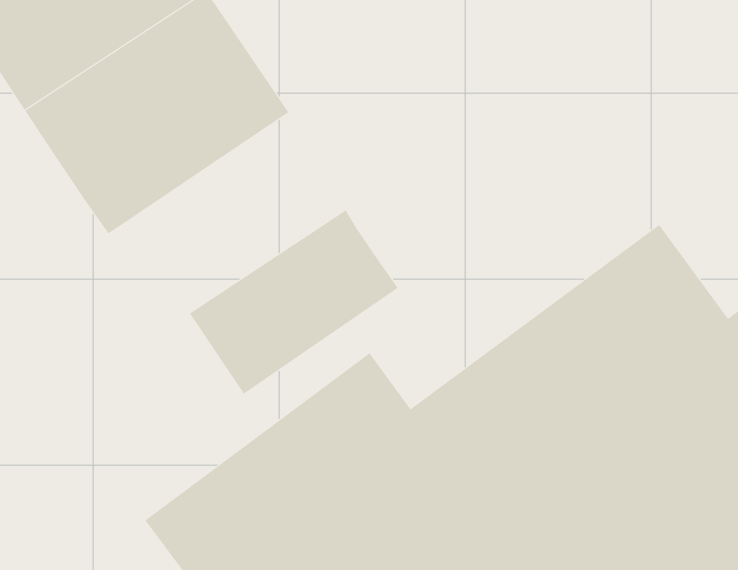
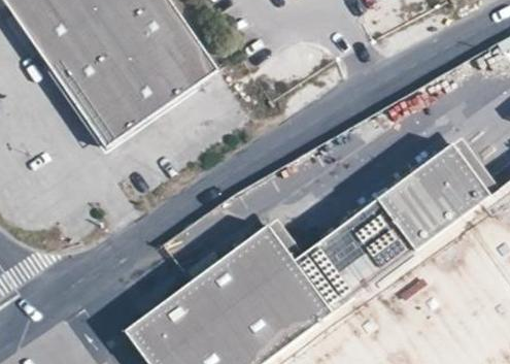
building: [189,209,398,395] -> none

